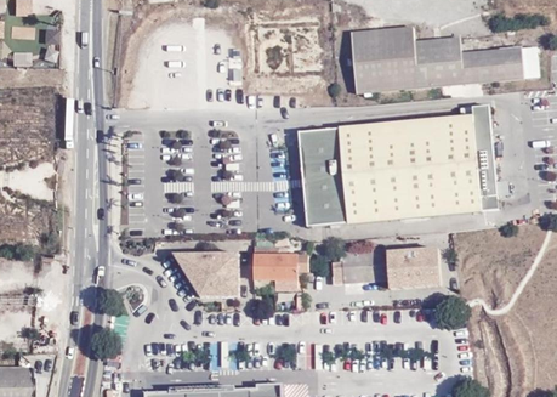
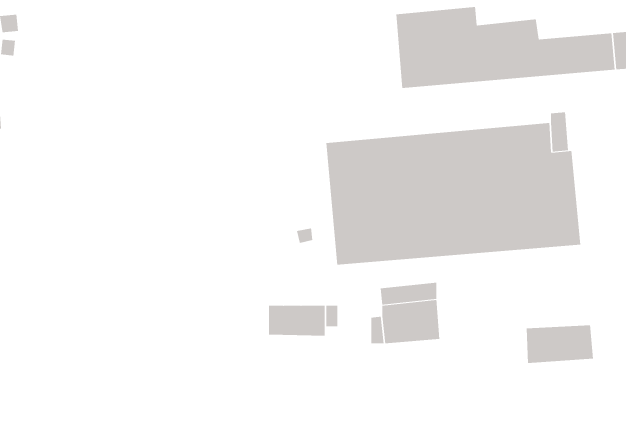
building: [390,251,443,282] -> [526,325,594,364]
building: [172,254,237,297] -> none

